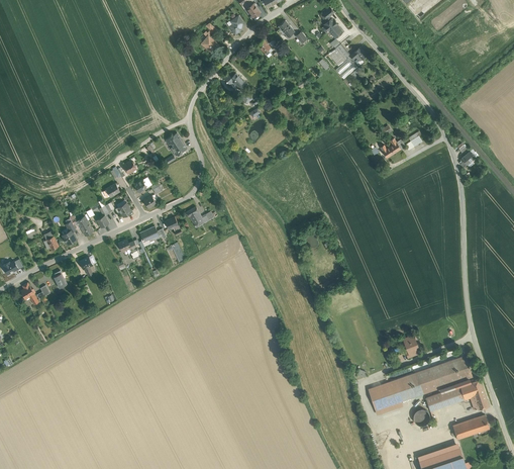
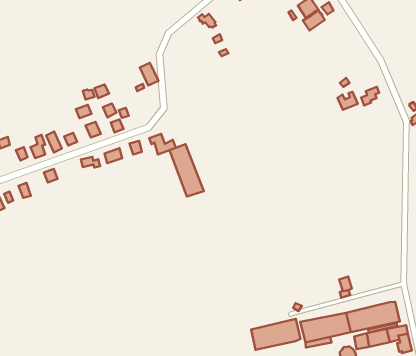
building: none -> [170,144,204,197]
building: none -> [251,319,300,350]

